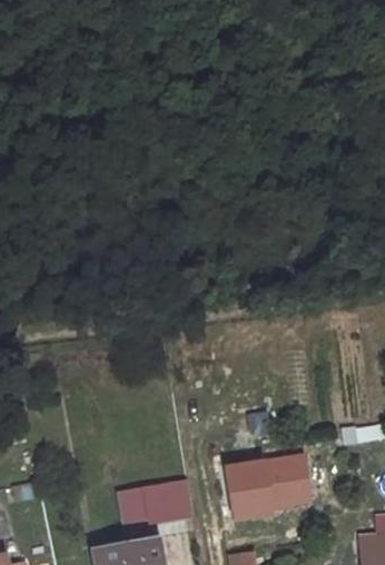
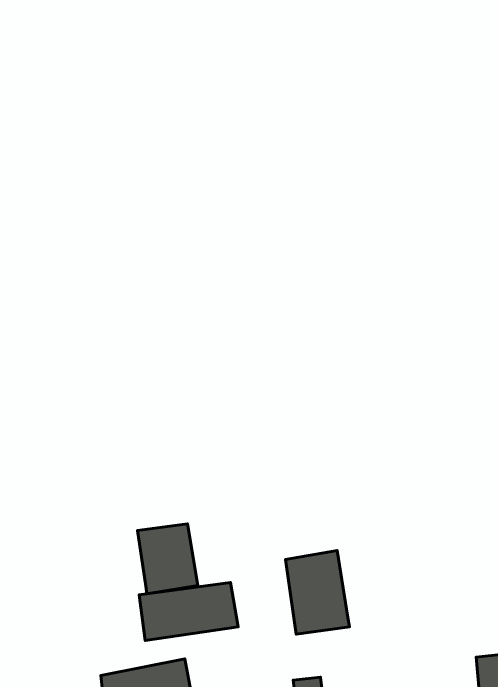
building: none -> [137,524,198,594]
building: [265,454,312,508] -> none

